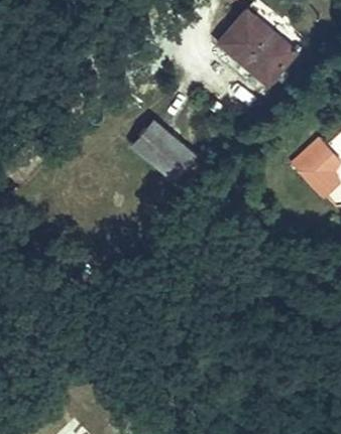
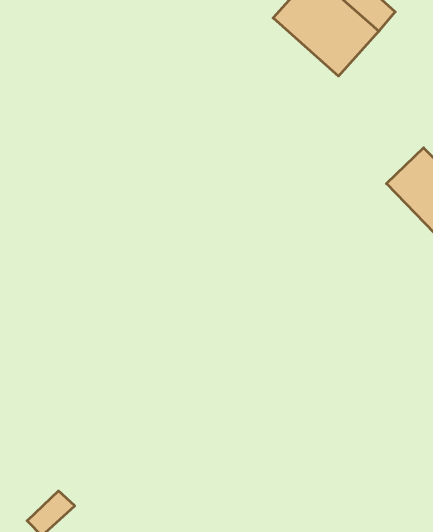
building: [132,120,196,180] -> none

